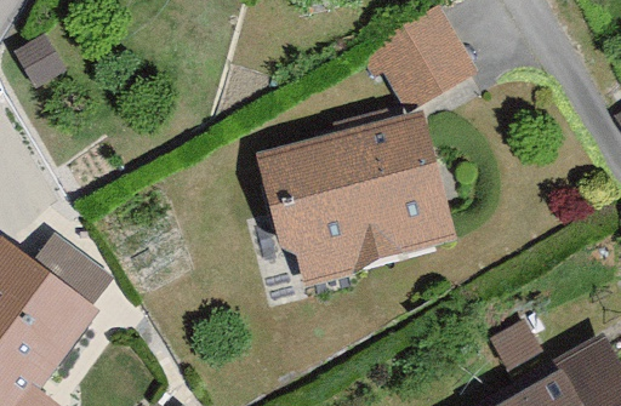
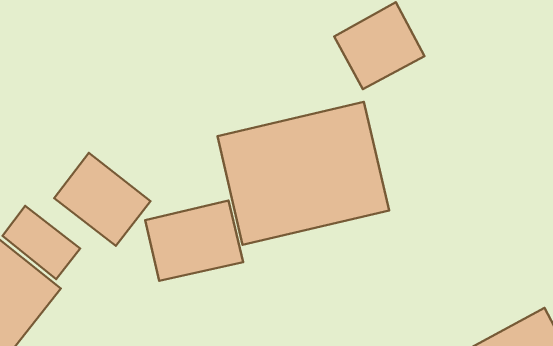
building: none -> [54,153,150,246]
building: none -> [145,201,243,281]

